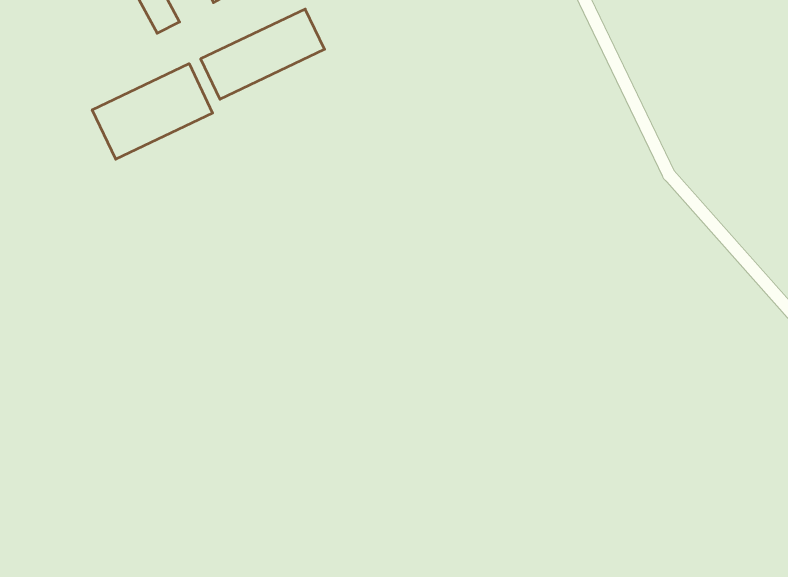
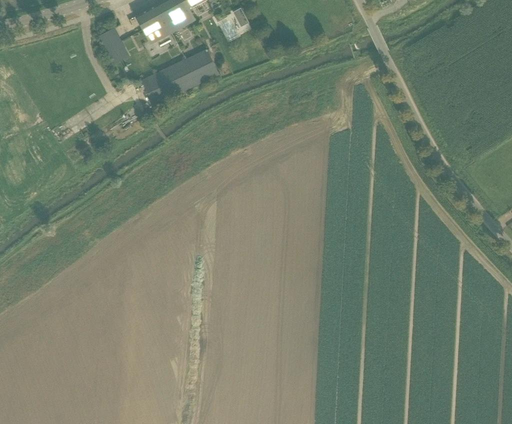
building: [92,64,213,159] -> none

